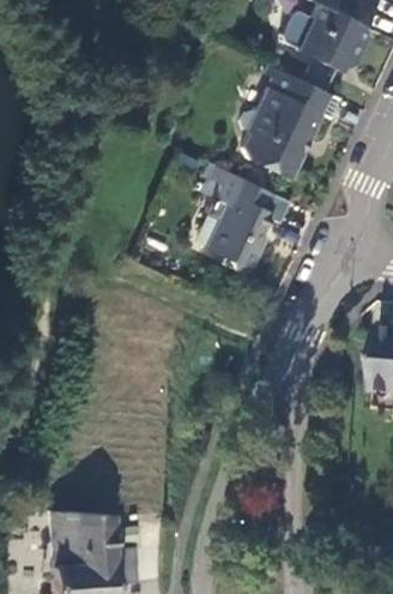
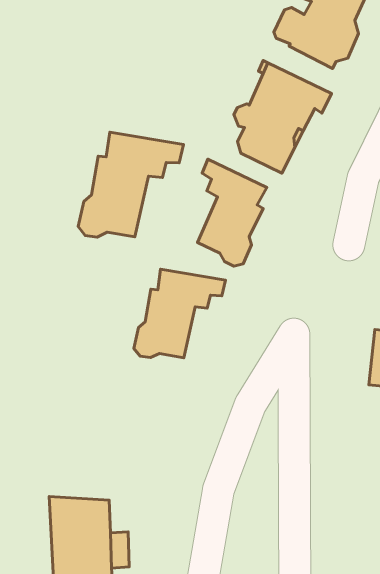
building: none -> [78,132,183,237]
building: none -> [134,269,225,358]

